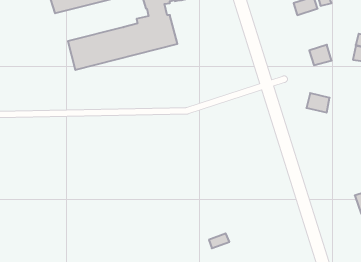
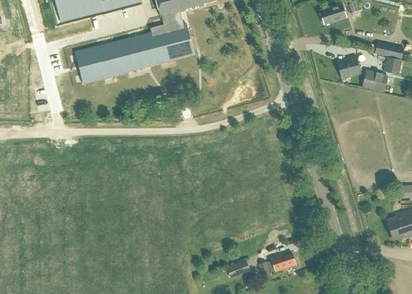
building: [306,93,330,113] -> [362,69,387,91]
building: none -> [261,251,297,278]

